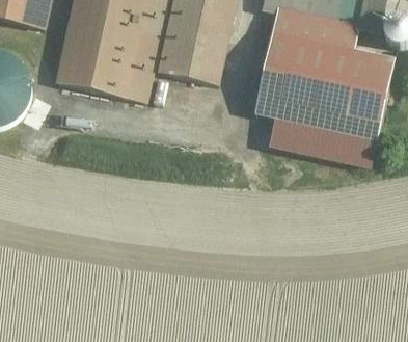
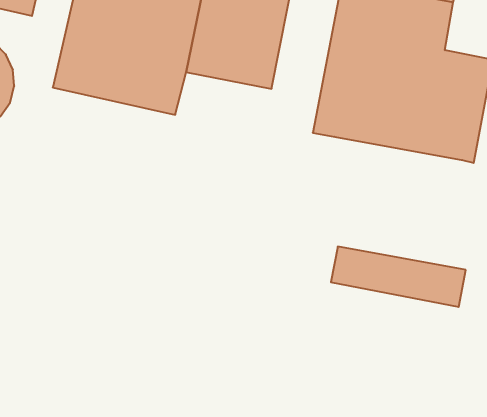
building: [266,119,368,164] -> [331,247,466,307]

